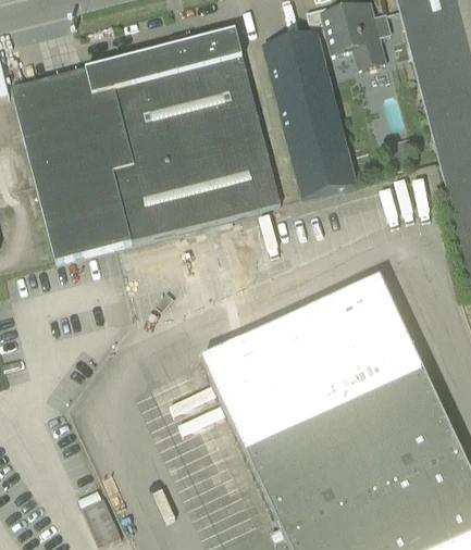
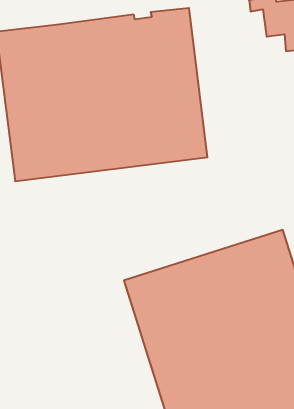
building: [263,29,356,195] -> none

